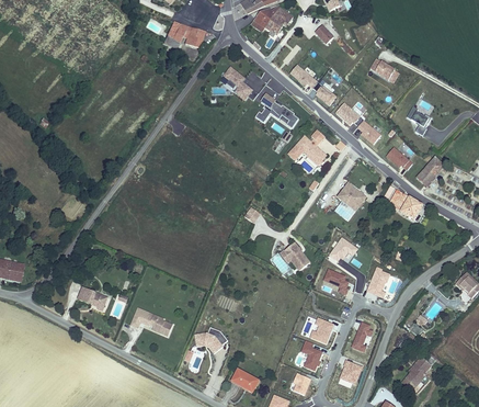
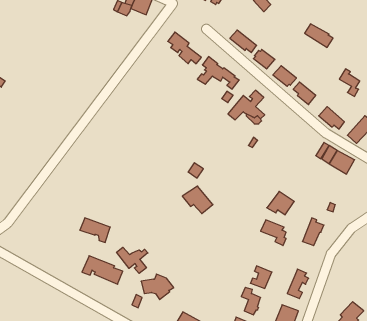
building: [337,181,367,211] -> none
building: [278,241,311,271] -> [182,186,213,214]
building: [77,285,110,312] -> [80,218,110,242]
building: none -> [117,247,148,273]

